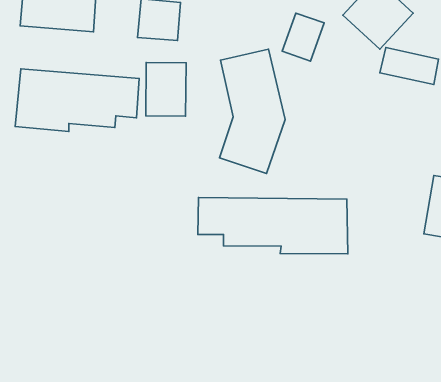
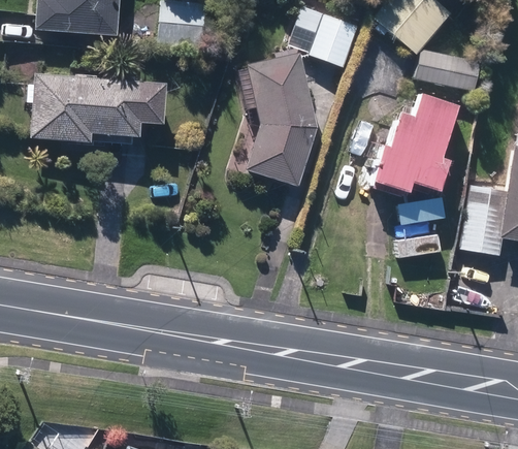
building: [146,63,186,116] -> none
building: none -> [370,95,455,191]
building: [198,198,348,254] -> none

